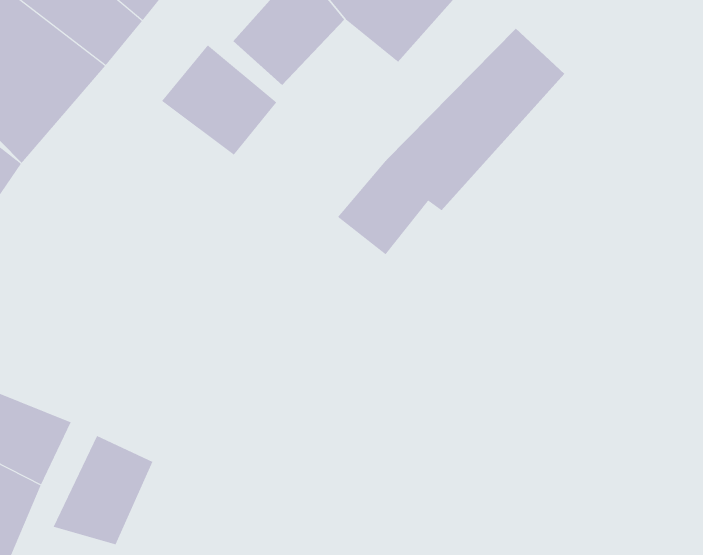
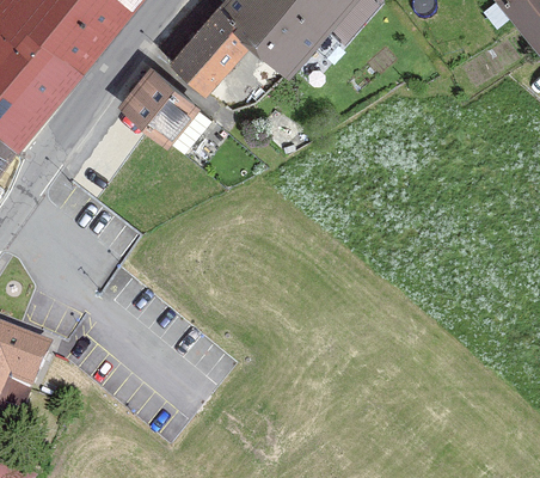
building: [337,28,565,255] -> none
building: [53,435,153,545] -> none

